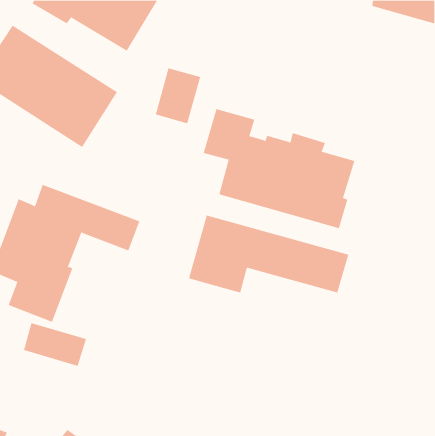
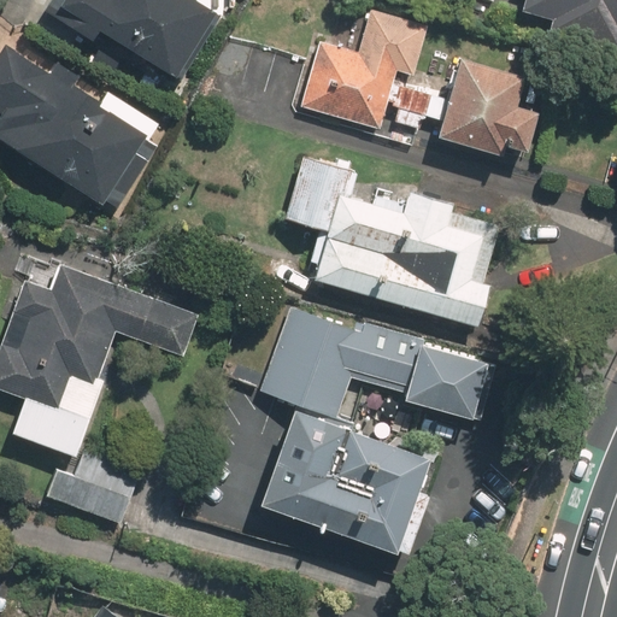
building: none -> [292,11,537,153]
building: [155,68,201,124] -> none
building: none -> [265,411,434,554]

